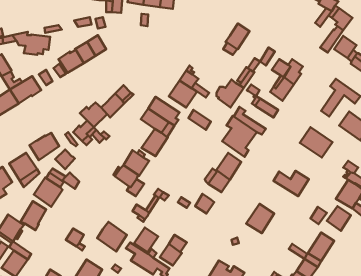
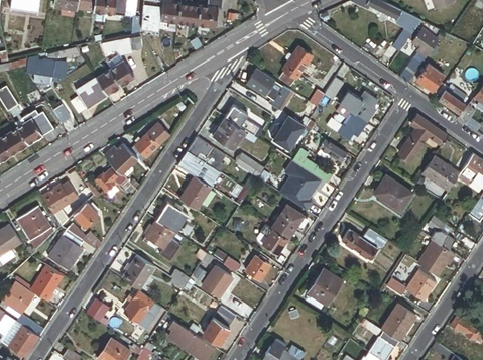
building: none -> [246,69,293,111]
building: none -> [123,256,154,289]
building: [134,227,158,252] -> [202,267,231,297]

